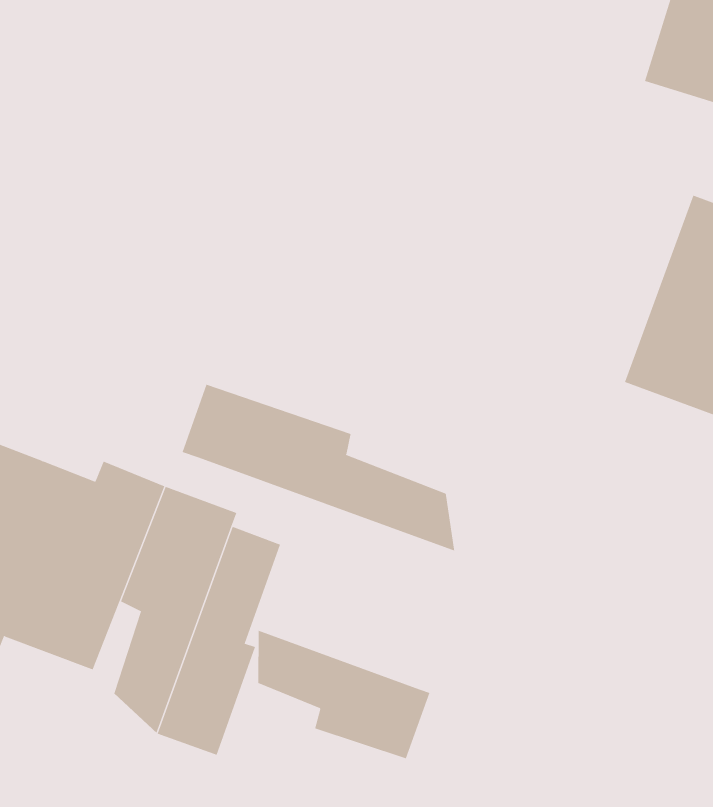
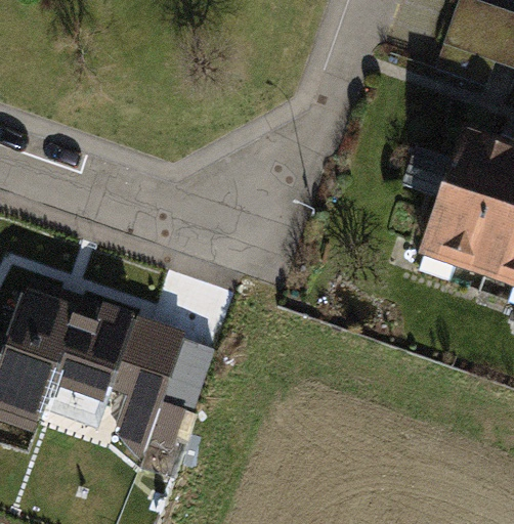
building: [182,384,455,552] -> none
building: [258,630,430,759] -> none

